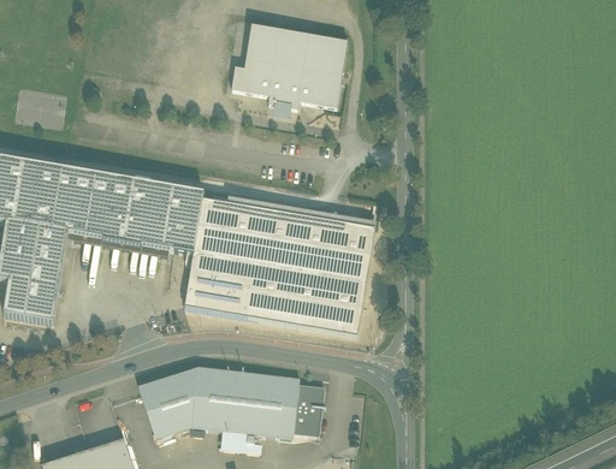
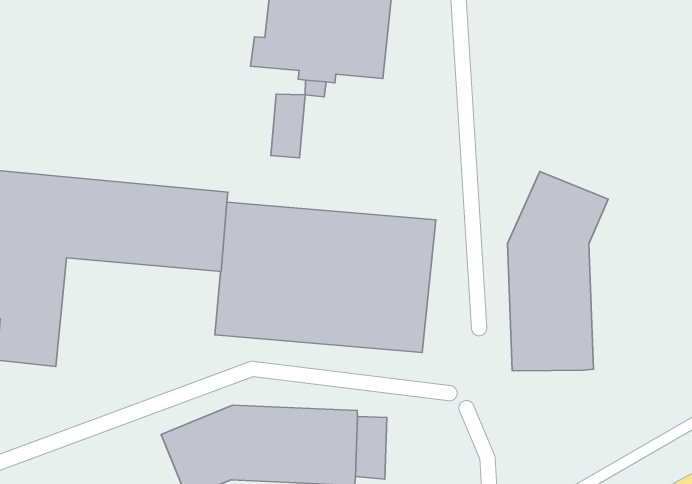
building: none -> [271,94,305,158]
building: none -> [507,172,608,371]

